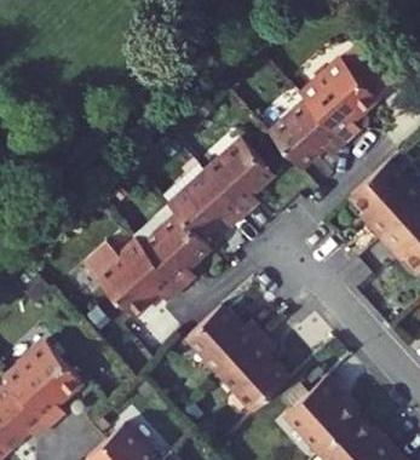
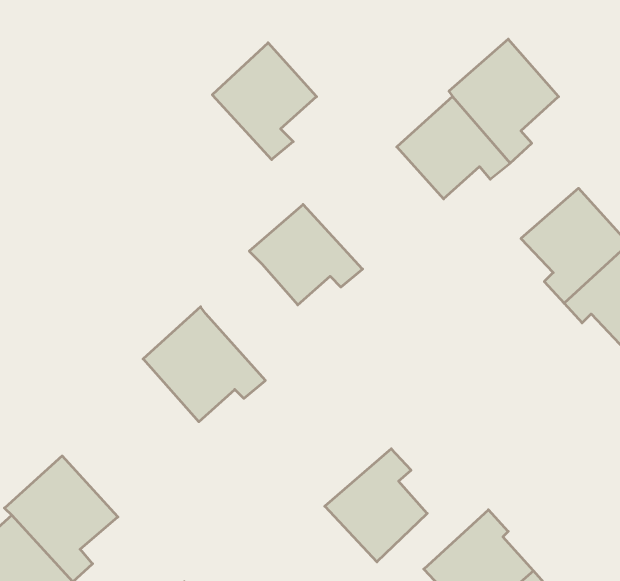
building: [206,136,276,214] -> [212,43,317,160]
building: [140,211,211,289] -> none
building: [188,305,265,374] -> none

